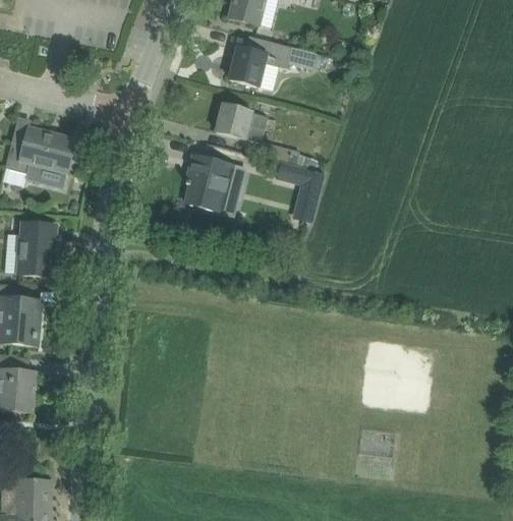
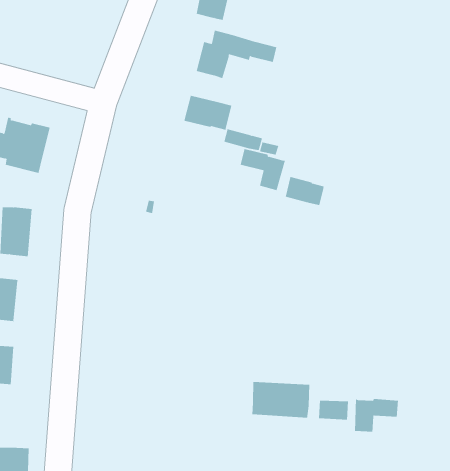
building: [185,156,235,213] -> none
building: none -> [285,176,325,206]
building: none -> [252,381,310,419]
building: none -> [354,398,398,432]

